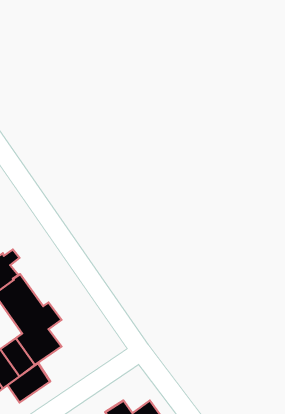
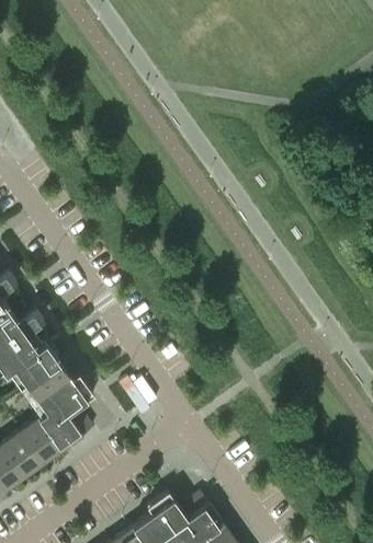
building: [7,363,50,403] -> none

